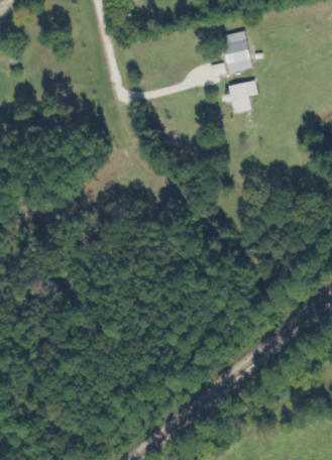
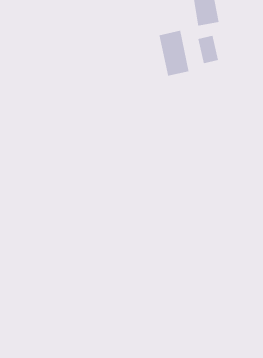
building: none -> [159,30,189,76]

